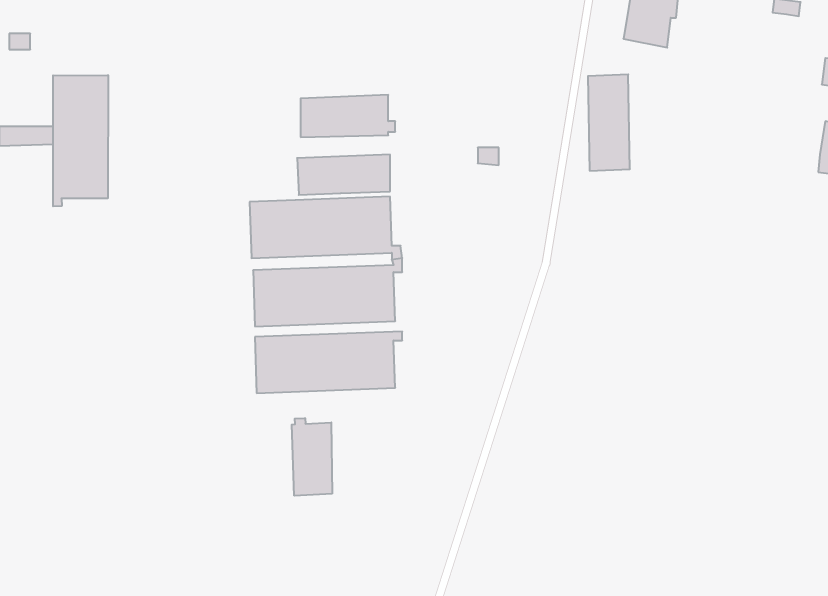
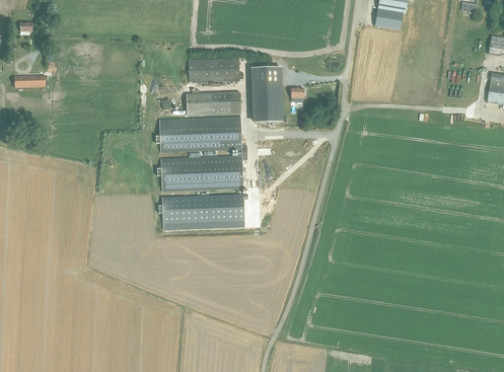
building: [588,74,630,171] -> [258,66,282,122]
building: [53,75,108,206] -> none
building: [292,418,332,496] -> none

